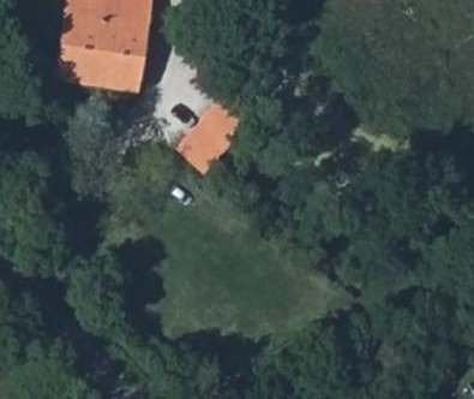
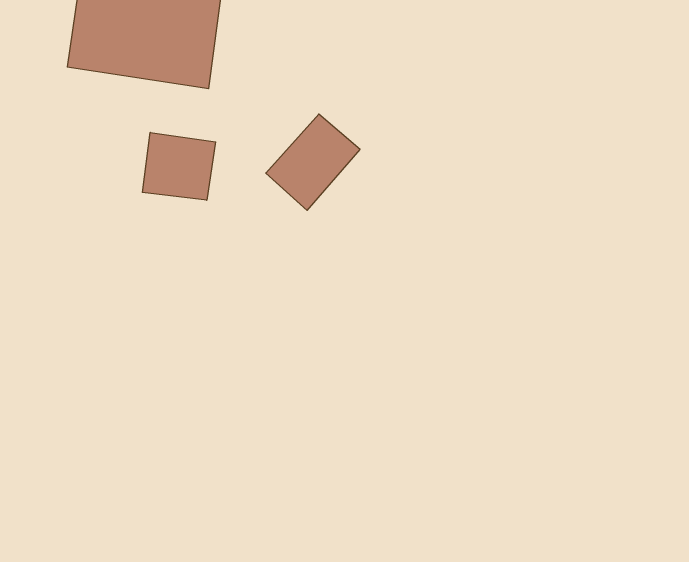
building: none -> [142,132,216,200]

